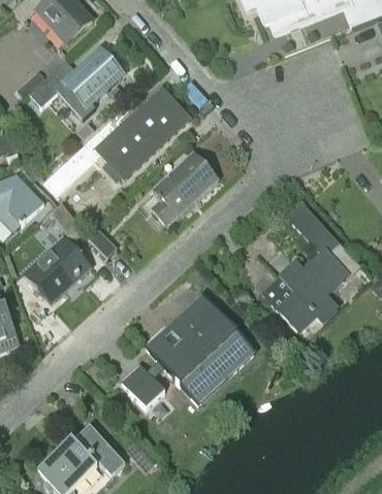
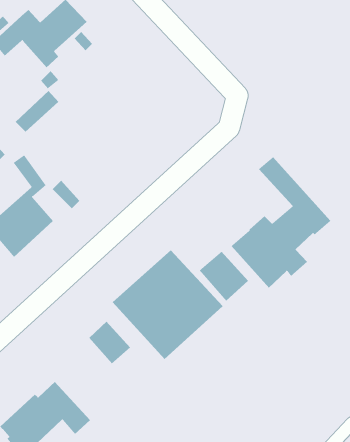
building: [96,90,189,178] -> none
building: [152,153,218,224] -> none
building: none -> [199,251,249,301]

